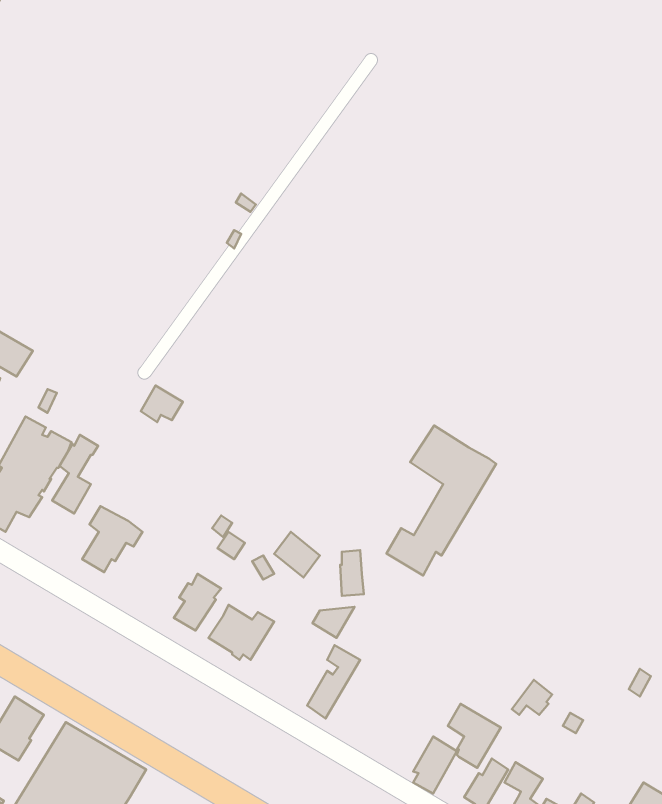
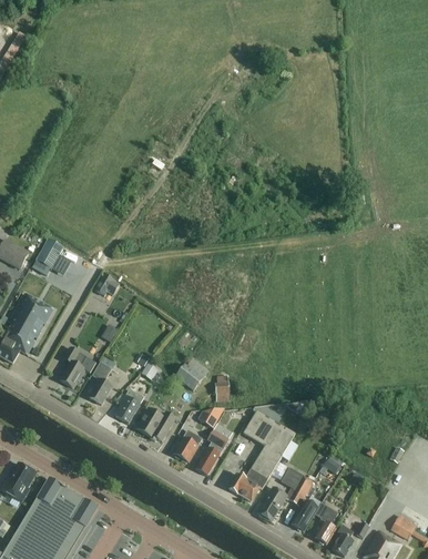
building: none -> [35,238,63,268]
building: [387,426,496,576] -> [228,410,295,501]
building: [52,435,98,513] -> [88,356,115,404]
building: none -> [173,429,201,463]

